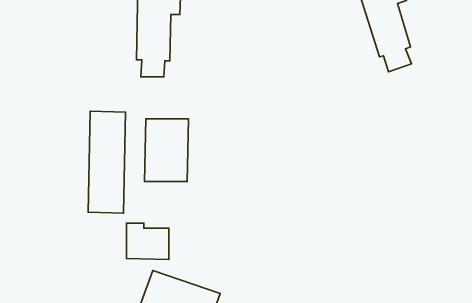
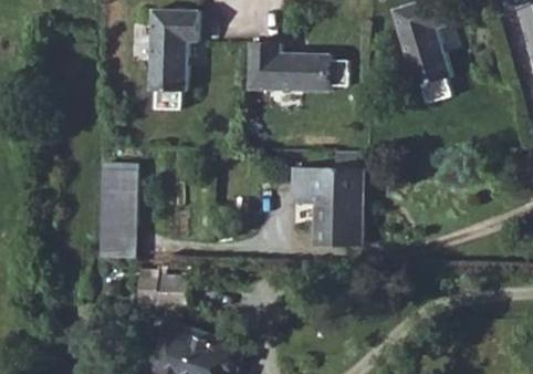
building: none -> [250,43,349,92]
building: none -> [292,153,363,247]
building: [145,119,189,182] -> none

